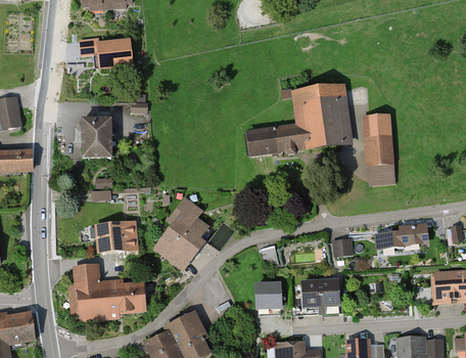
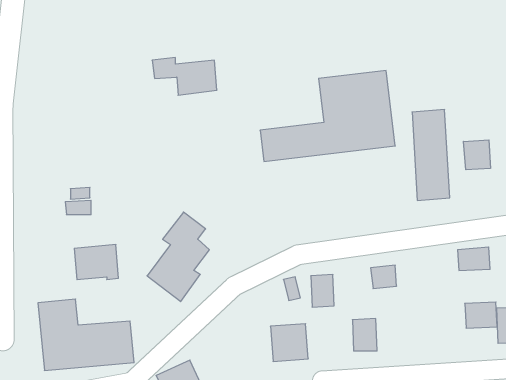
building: [80,38,131,68] -> [152,58,217,95]
building: [82,119,111,158] -> none
building: none -> [463,140,490,170]
building: [374,231,400,252] -> [465,302,497,328]
building: [300,281,319,307] -> [311,275,334,307]

